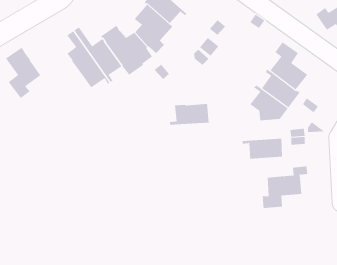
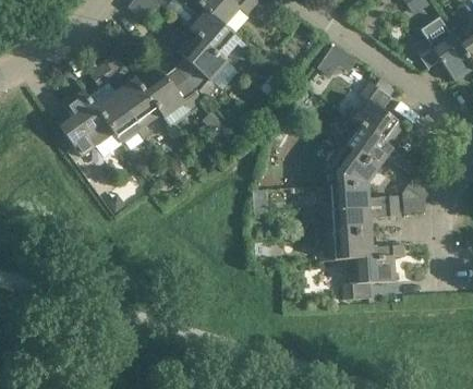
building: [5,47,41,99] -> [62,88,109,156]
building: [169,104,209,125] -> [317,182,369,210]
building: none -> [320,231,373,260]

